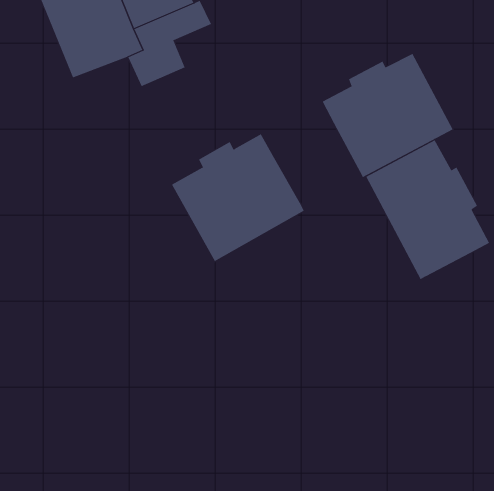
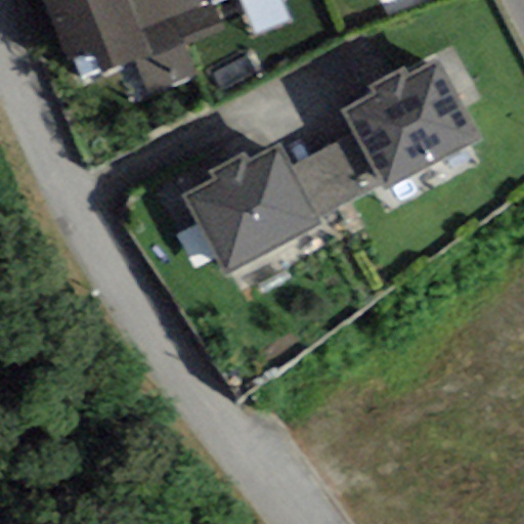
building: none -> [290,131,381,215]
building: [365,139,490,280] -> none

